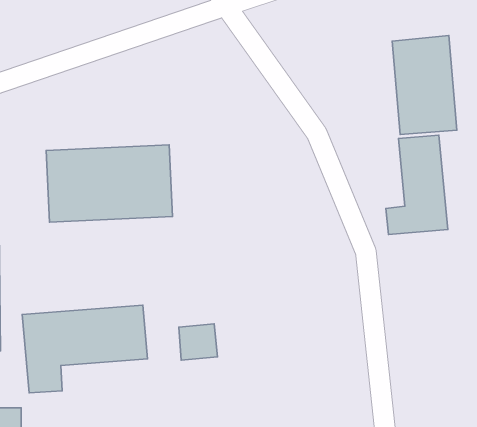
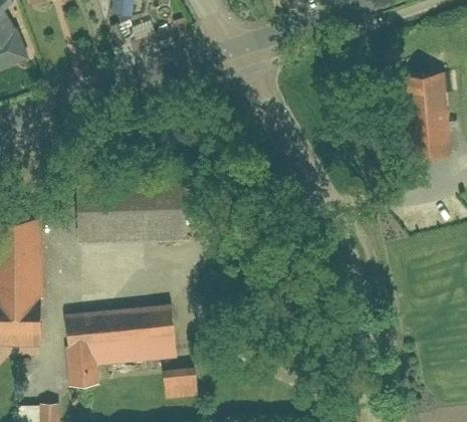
building: [386,135,448,234] -> none
building: [179,324,218,360] -> [165,367,199,399]

